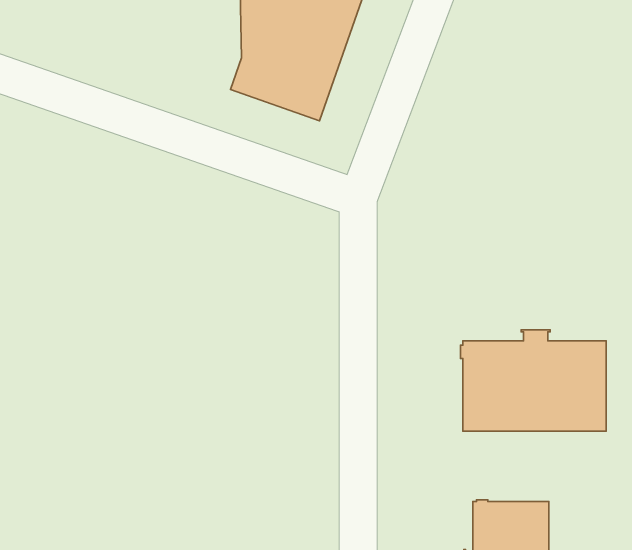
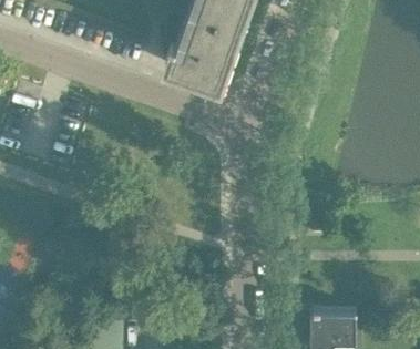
building: [461,330,606,431] -> none

